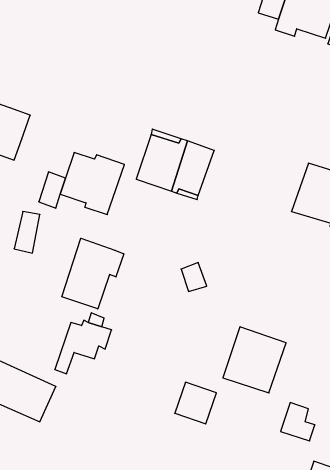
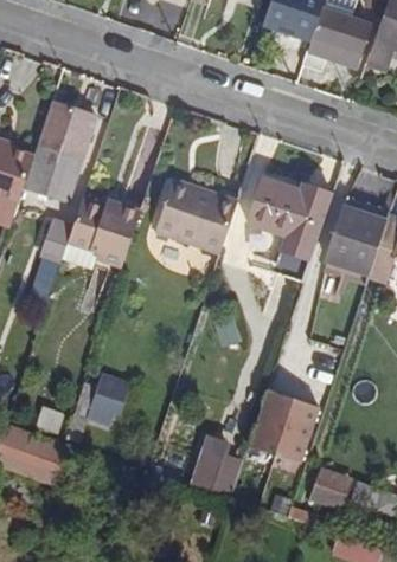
building: none -> [25,99,98,196]
building: none -> [248,173,333,280]
building: [62,238,124,309] -> none

